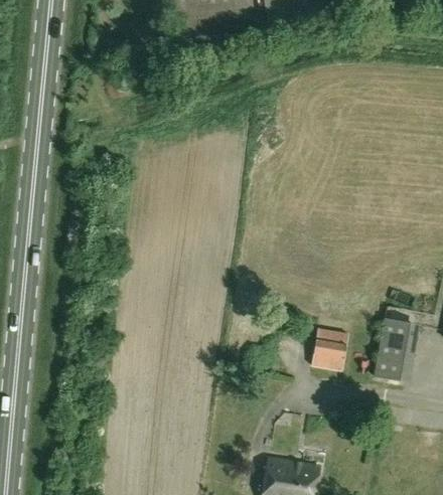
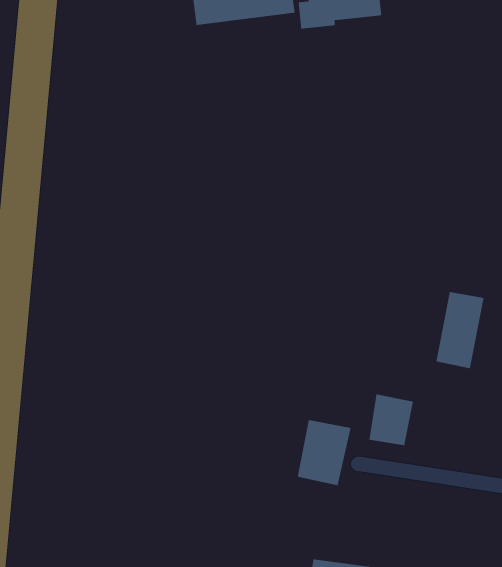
building: [374,317,413,379] -> [435,291,484,369]
building: none -> [297,419,351,486]

